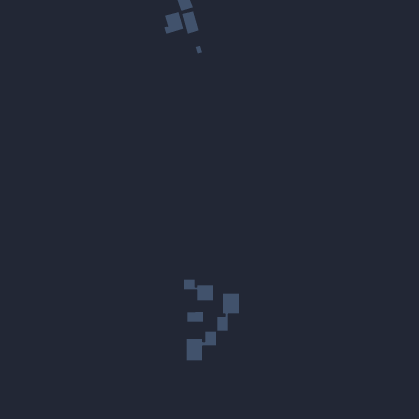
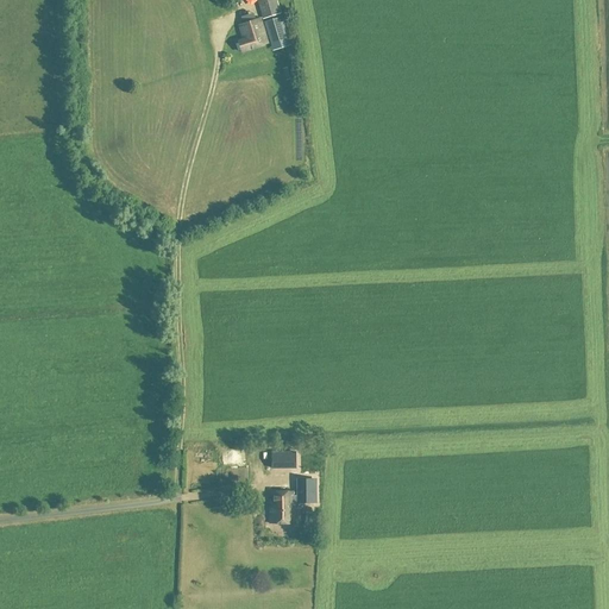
building: [183,279,213,301] -> none
building: [217,293,239,332] -> none

